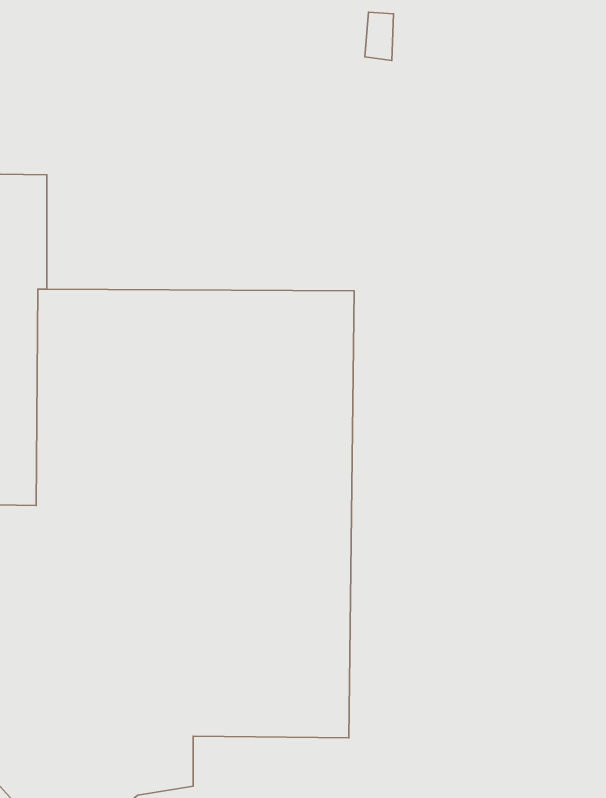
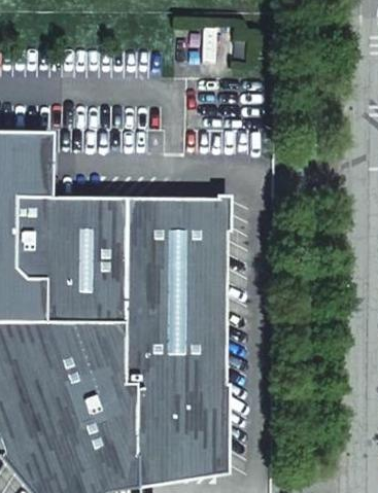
building: none -> [134,455,224,484]

